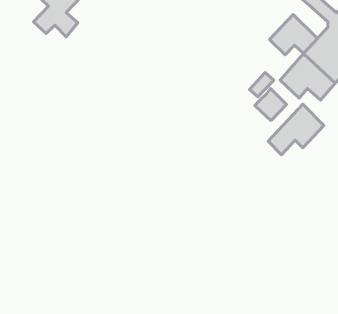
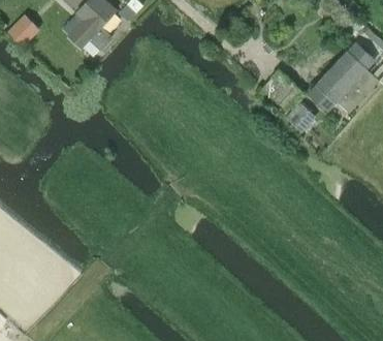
building: [270,15,317,55] -> none
building: [268,104,324,155] -> none

